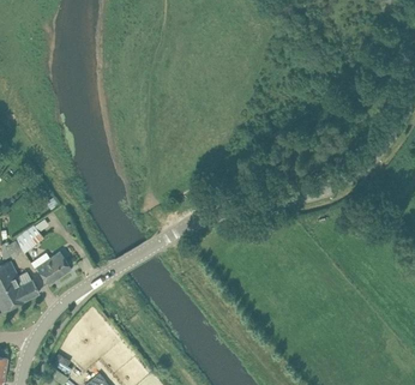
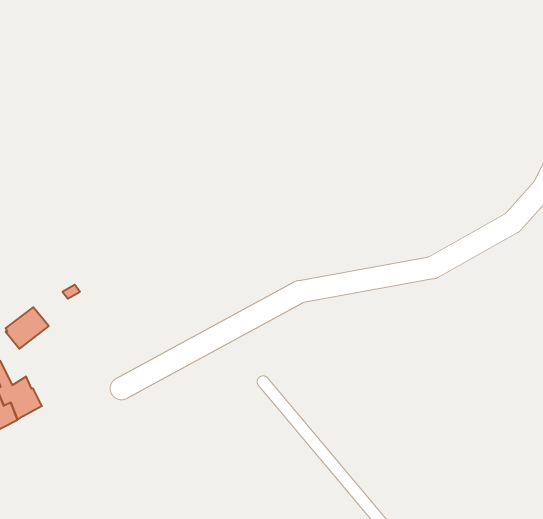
building: [36,252,71,284] -> none

